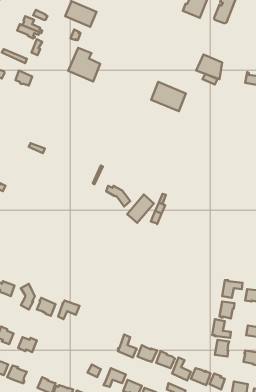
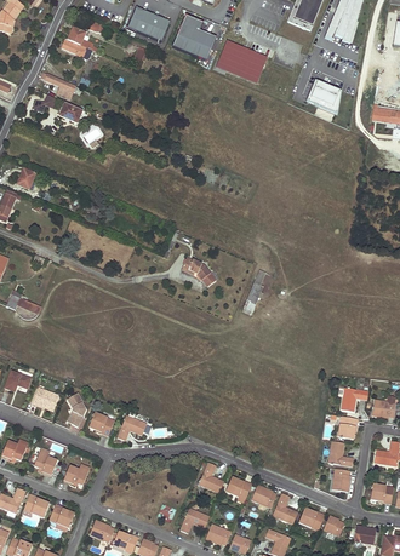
building: [68,48,100,82] -> [172,16,216,62]
building: [151,82,186,111] -> [218,42,265,82]
building: [127,195,154,223] -> none

